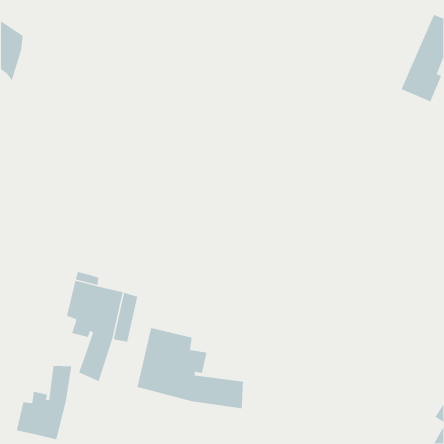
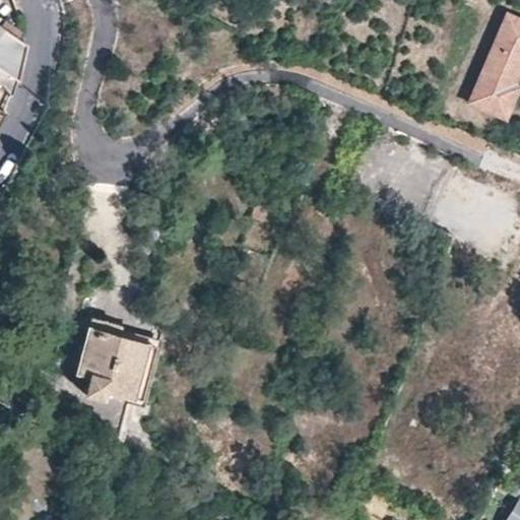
building: [137,327,244,409] -> none
building: [16,365,72,440] -> none

